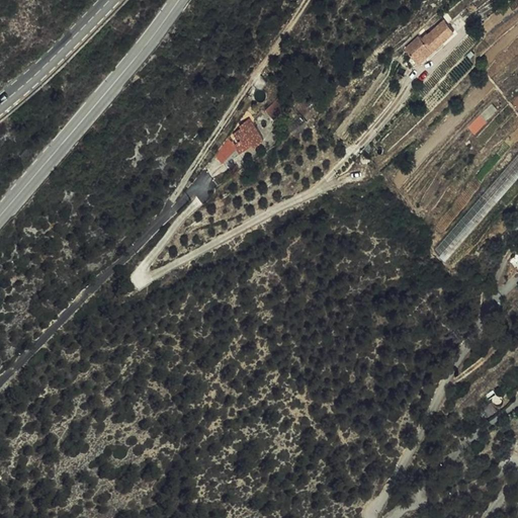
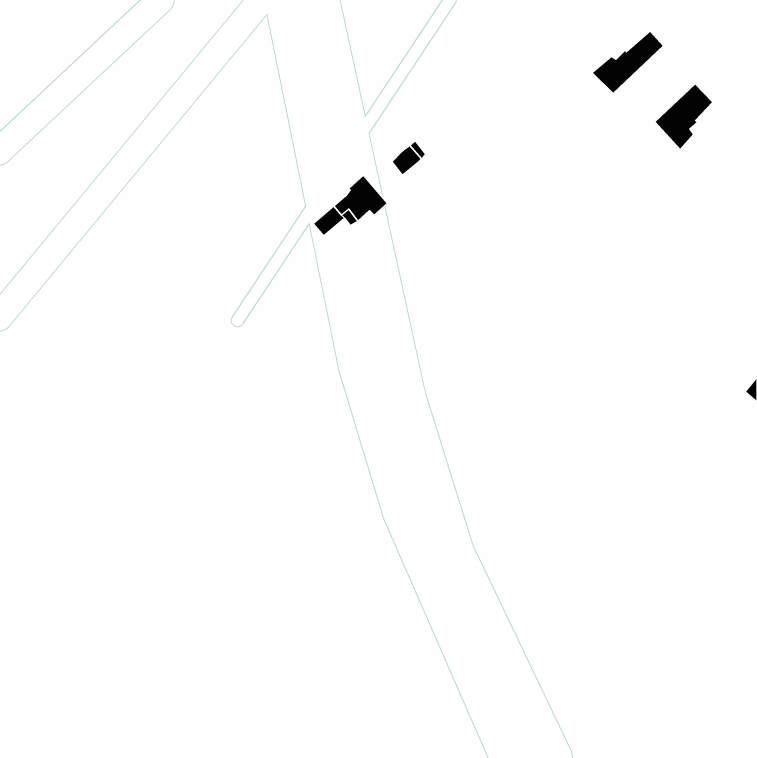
building: none -> [655,84,713,150]

